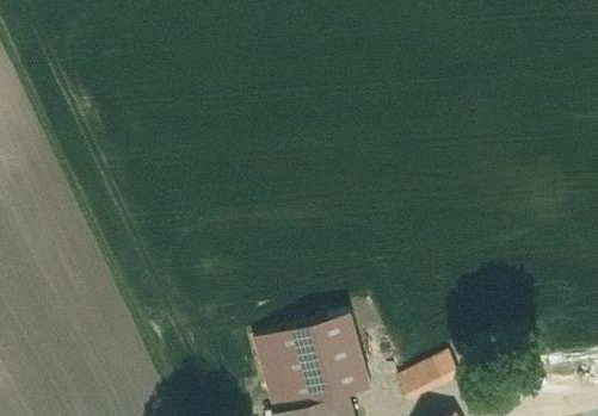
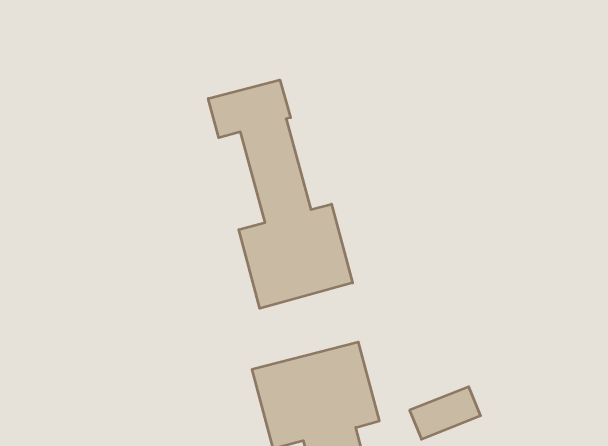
building: none -> [208,80,353,308]

